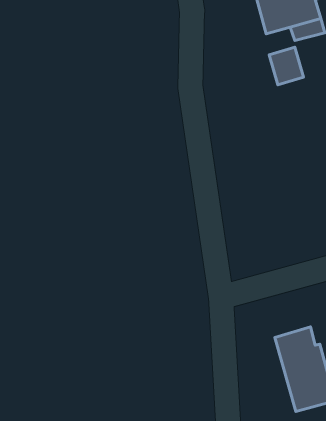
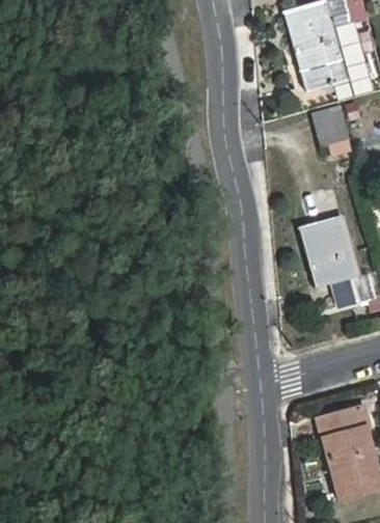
building: none -> [301,216,363,301]

